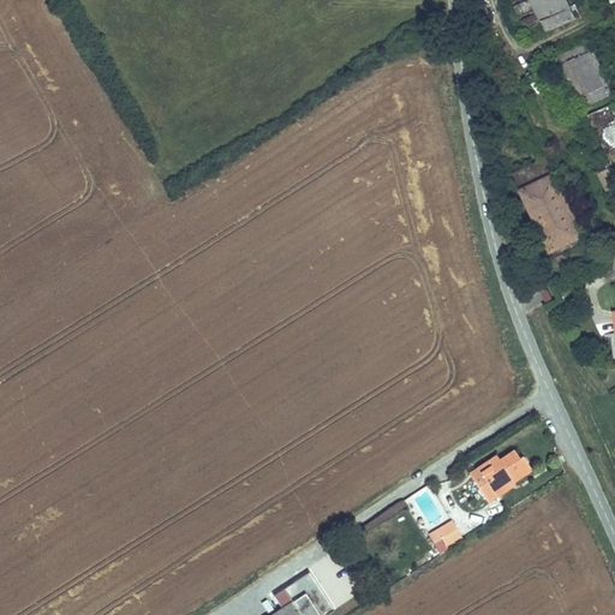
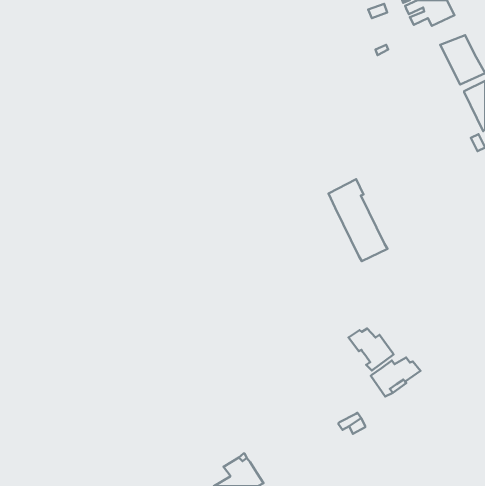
building: [510,155,585,258] -> [328,179,387,261]
building: none -> [349,328,393,370]

